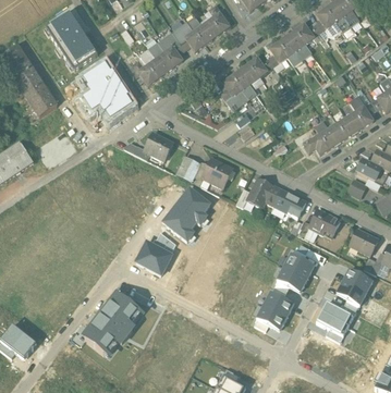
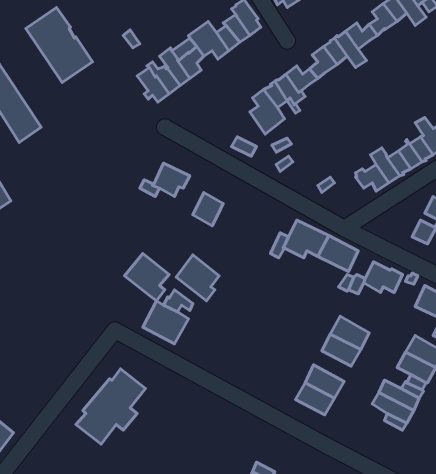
building: [80,63,133,120] -> none
building: [195,159,232,188] -> none
building: [175,187,210,224] -> [125,254,169,301]

